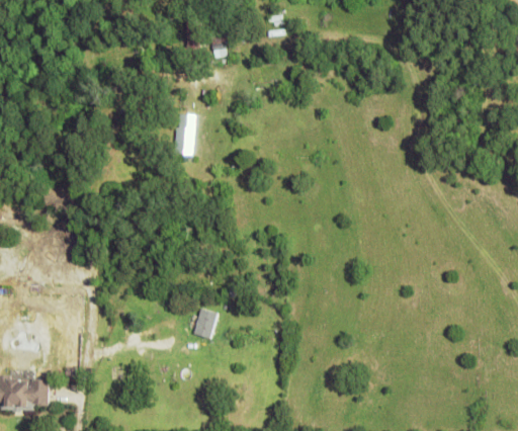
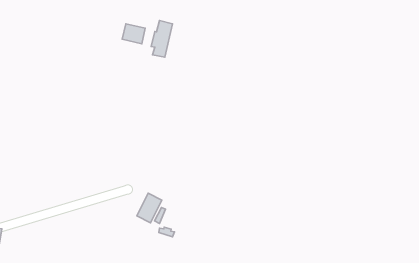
building: none -> [122,24,145,44]

